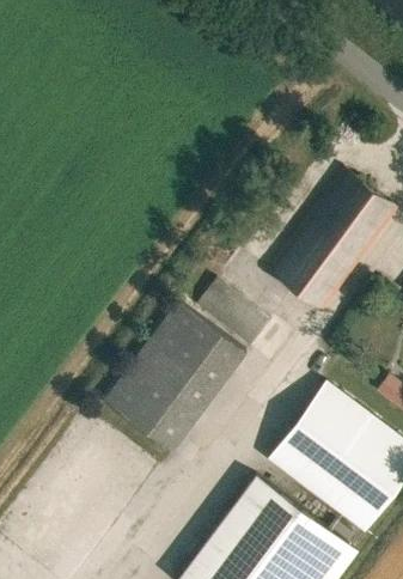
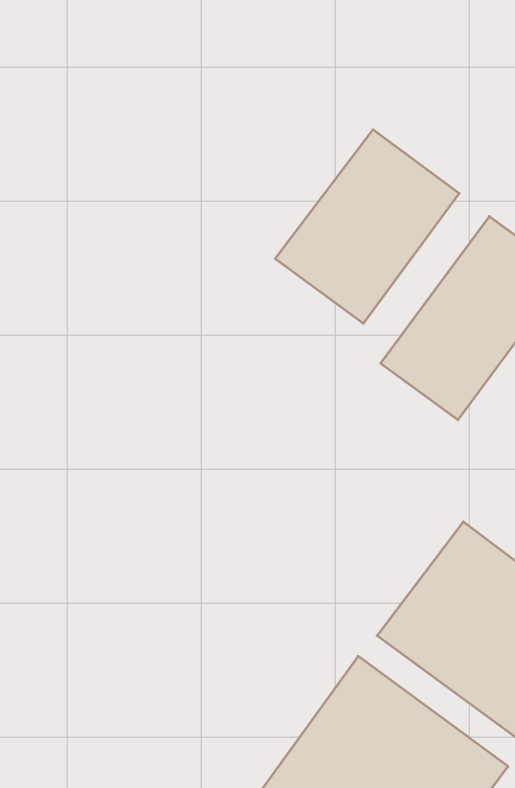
building: none -> [275,130,459,323]
building: [100,275,270,453] -> none

